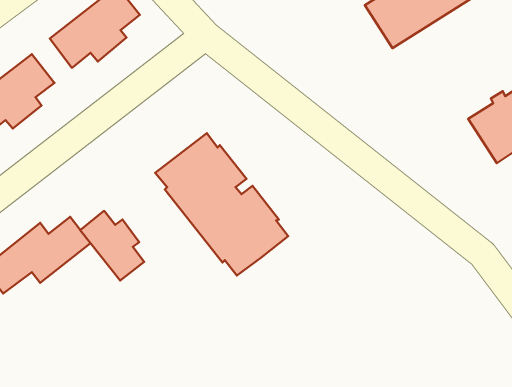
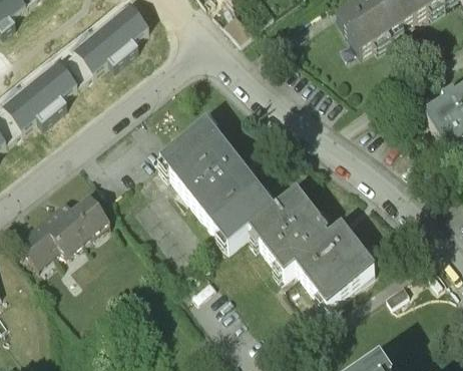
building: none -> [60,44,93,80]
building: [80,211,144,281] -> none
building: none -> [252,191,377,305]

